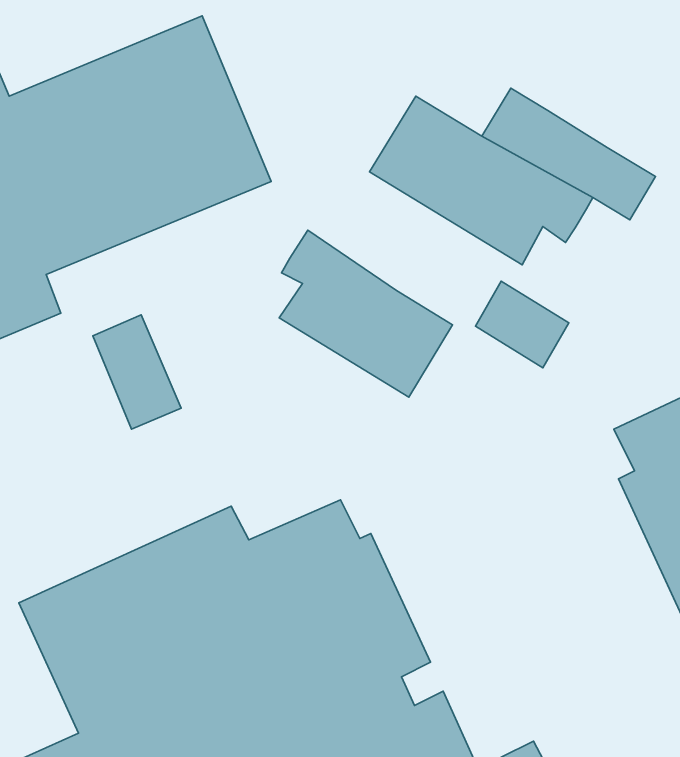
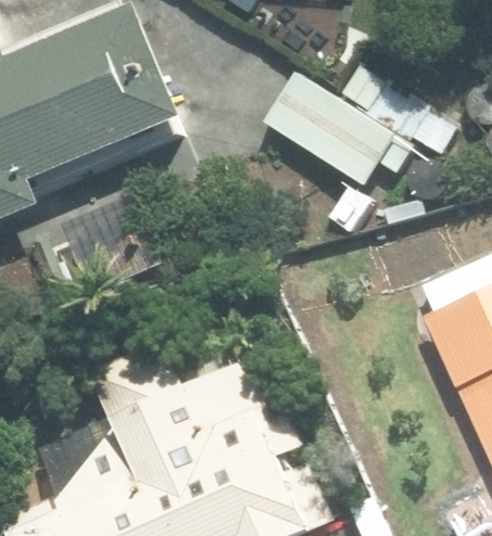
building: [279,230,453,397] -> none

